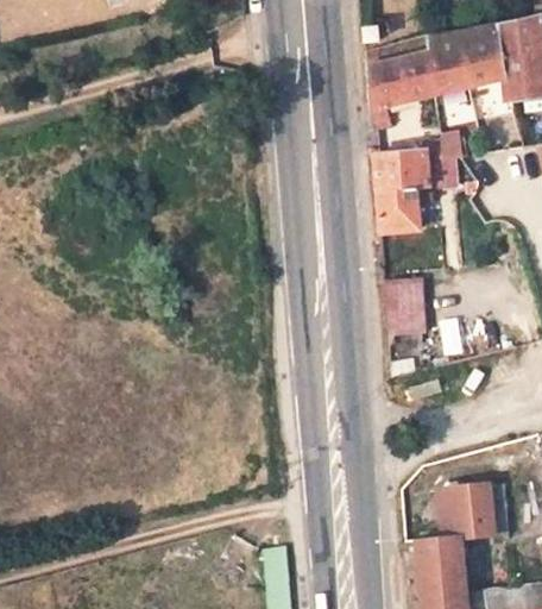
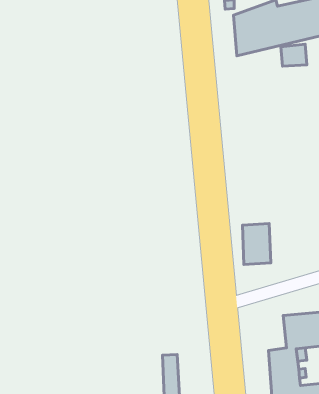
building: [374,147,453,233] -> none
building: [382,277,423,337] -> [242,224,271,264]

